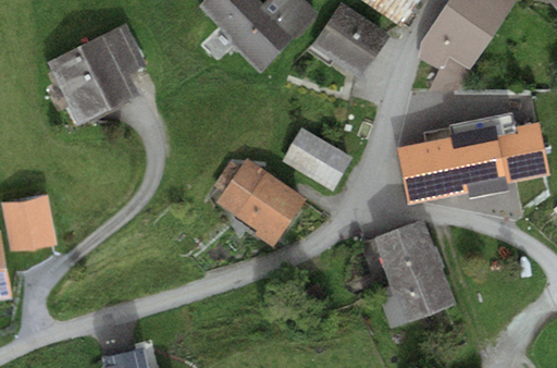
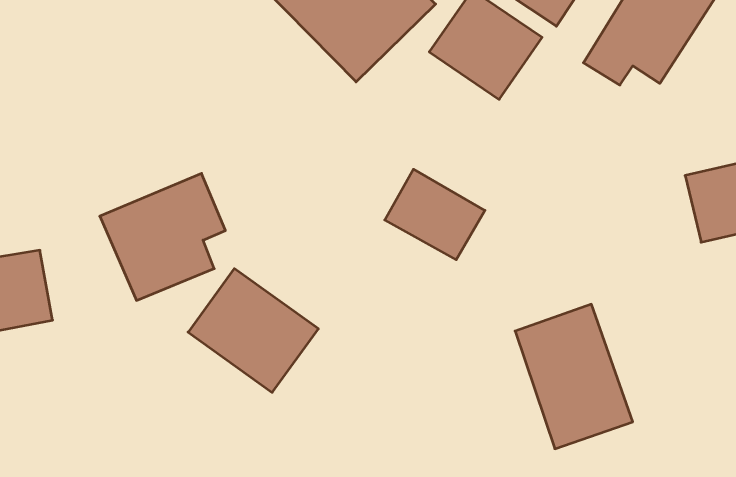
building: [57,27,143,114] -> [100,173,225,300]
building: [398,132,498,197] -> none
building: [216,157,306,242] -> [188,269,318,392]

